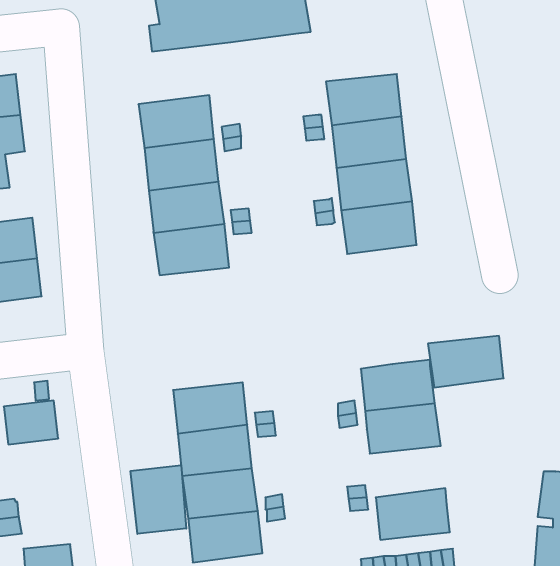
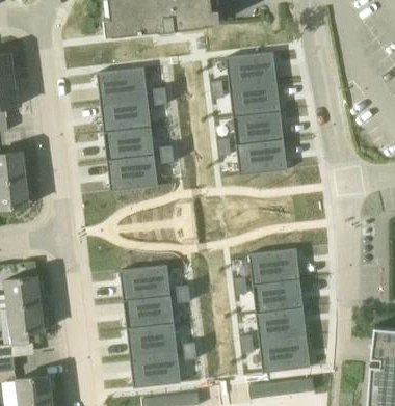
building: [428,336,504,387] -> [255,308,307,344]
building: none -> [6,303,44,347]
building: [131,465,186,534] -> none

